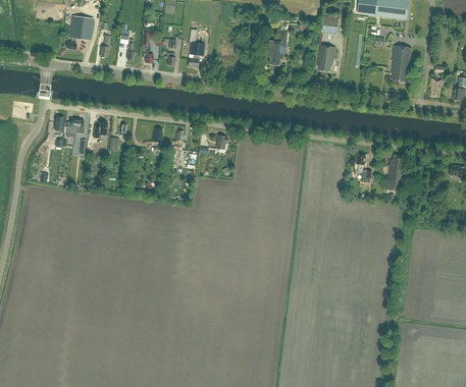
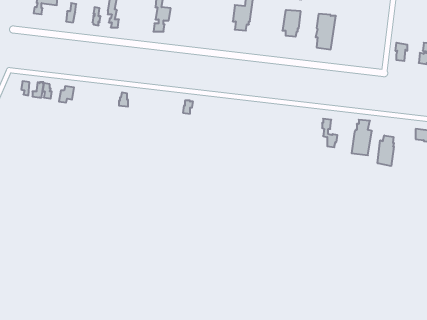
building: [391,45,411,80] -> [316,14,336,49]
building: none -> [378,135,394,166]

